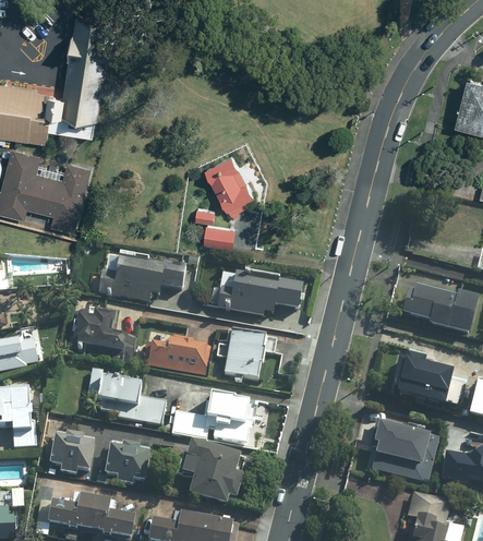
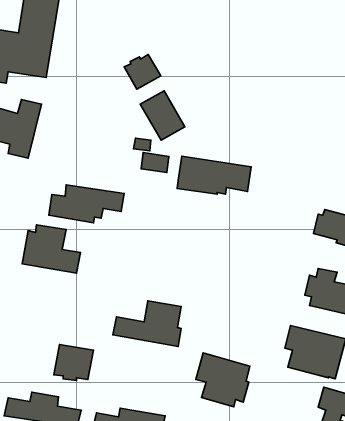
building: none -> [124,55,161,89]
building: [218,269,303,313] -> [177,156,251,194]
building: [224,327,266,378] -> none
building: [143,333,208,373] -> none
building: [87,368,167,423] -> none
building: [50,431,95,472] -> none
building: [182,442,244,504] -> [196,353,250,407]

